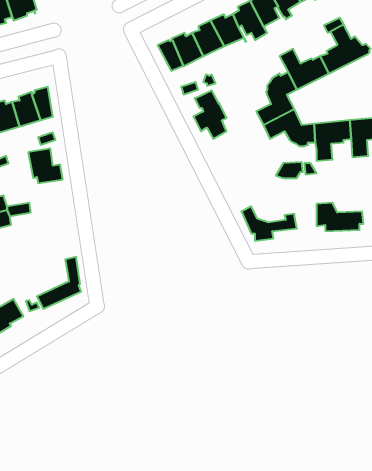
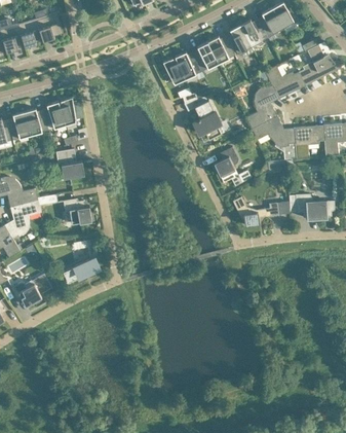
building: none -> [215,146,242,186]
building: none -> [64,197,91,223]

